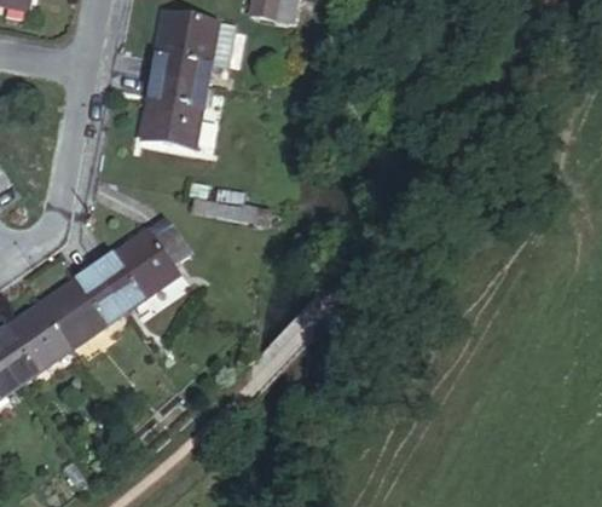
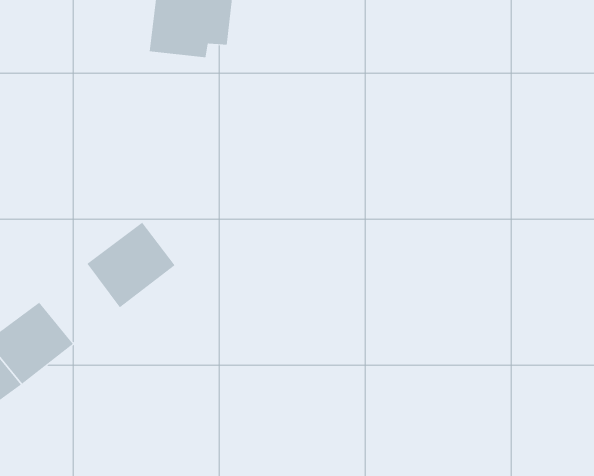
building: [145,65,207,138] -> none
building: [48,267,125,344] -> none

